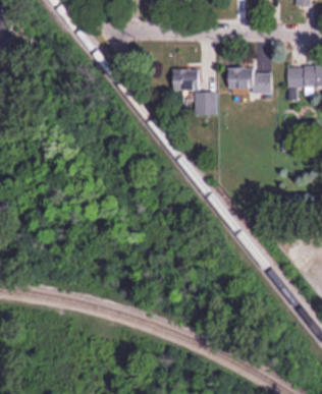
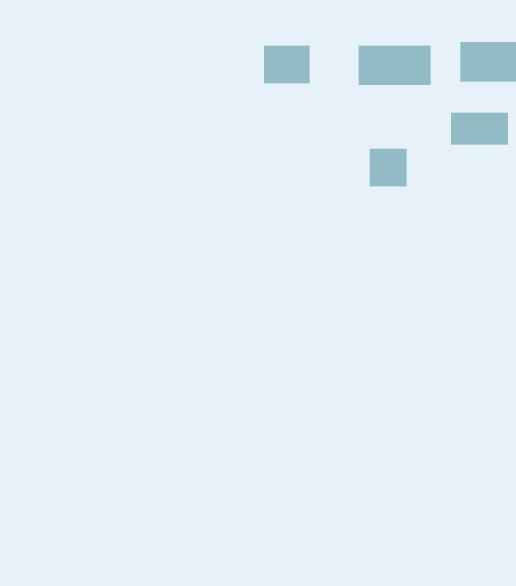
building: [194,92,216,114] -> [369,148,407,187]
building: none -> [451,112,508,145]

